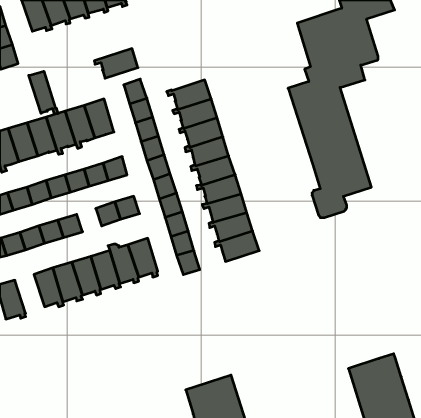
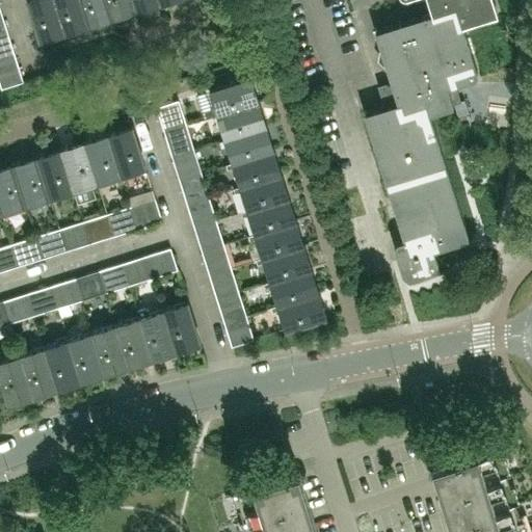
building: [94,49,138,78] -> [203,81,258,118]
building: [29,71,58,114] -> none
building: none -> [97,267,128,296]
building: none -> [19,350,56,399]

